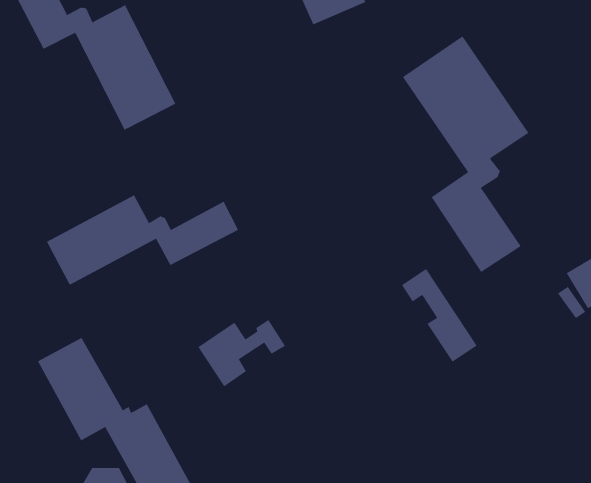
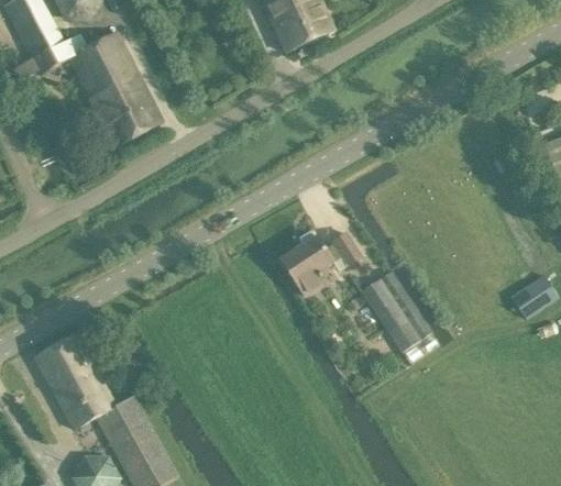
building: [402,36,529,273] -> none
building: [46,194,239,286] -> none
building: [197,319,286,387] -> [280,233,361,295]

